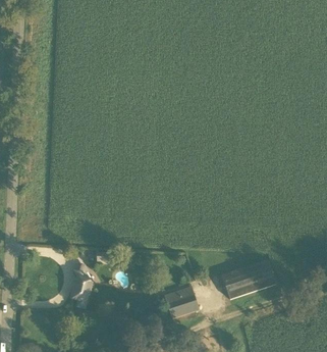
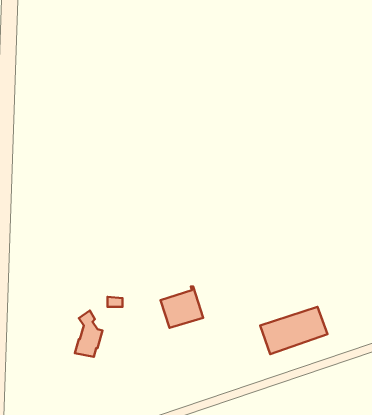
building: [164,284,199,317] -> [161,286,203,328]

